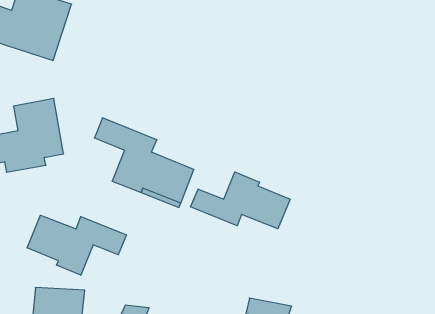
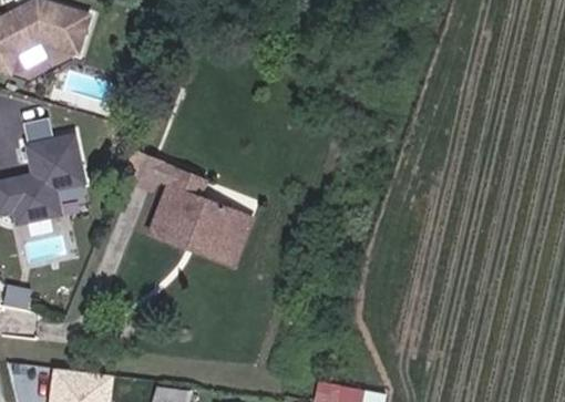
building: [191,172,290,229] -> none
building: [27,215,126,275] -> none

